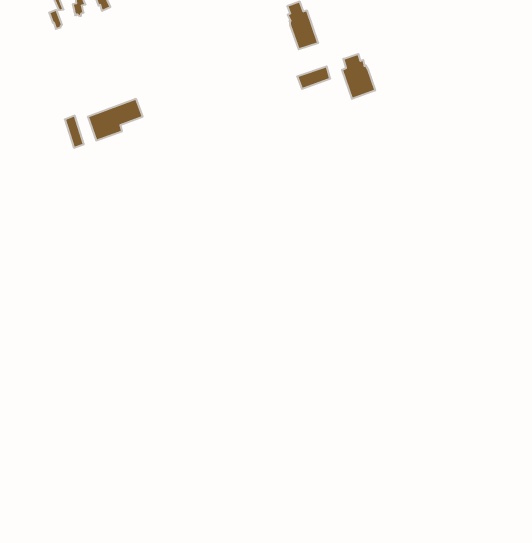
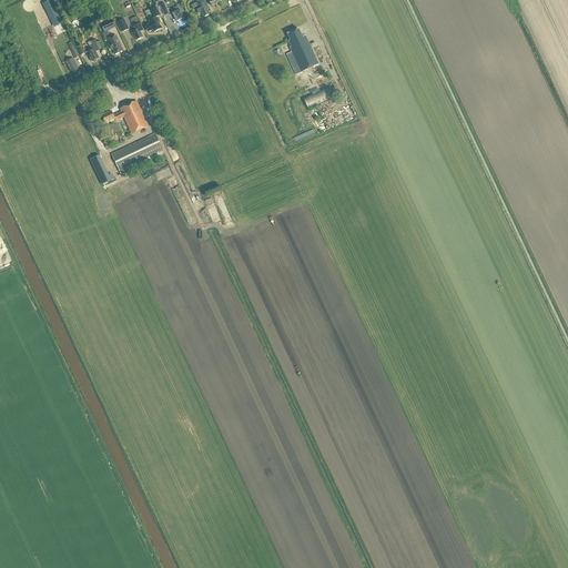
building: [342,54,375,99] -> none
building: none -> [101,99,148,131]

